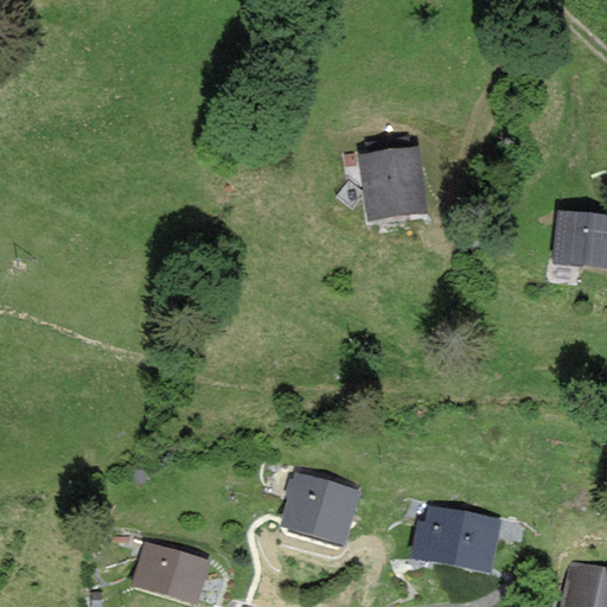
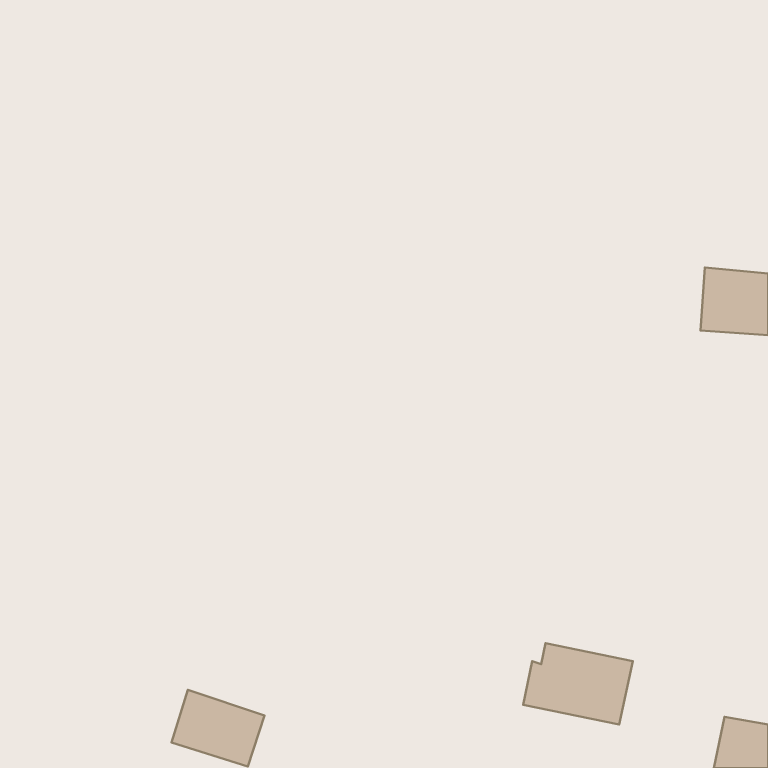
building: [364,151,424,218] -> none
building: [281,472,357,543] -> none

